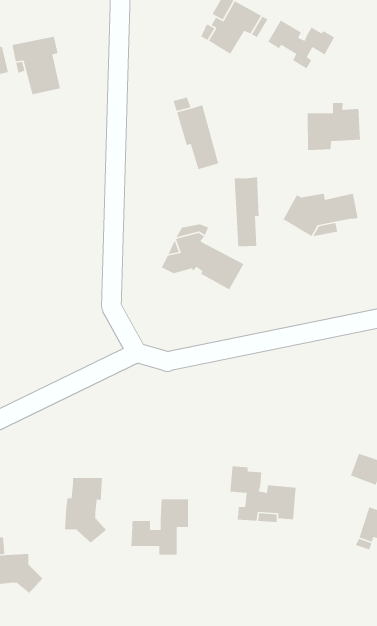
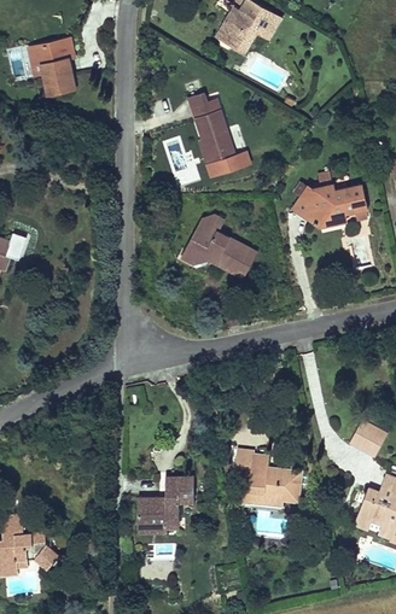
building: [267,20,335,70] -> none
building: [307,102,361,151] -> none
building: [234,177,259,247] -> none
building: [64,477,107,543] -> none

